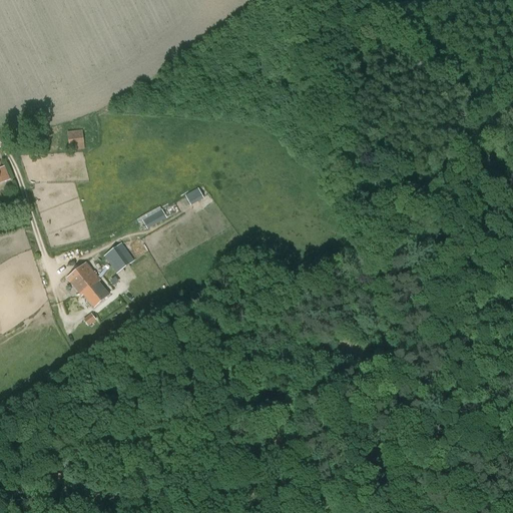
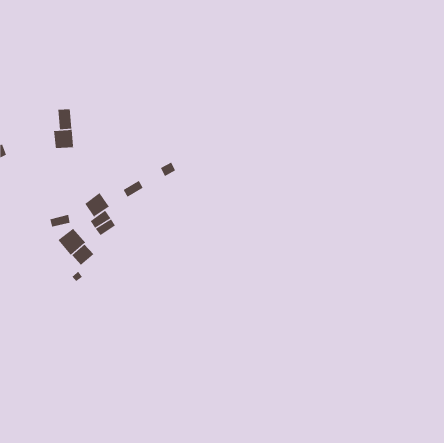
building: none -> [53,129,74,149]
building: none -> [85,192,110,218]

